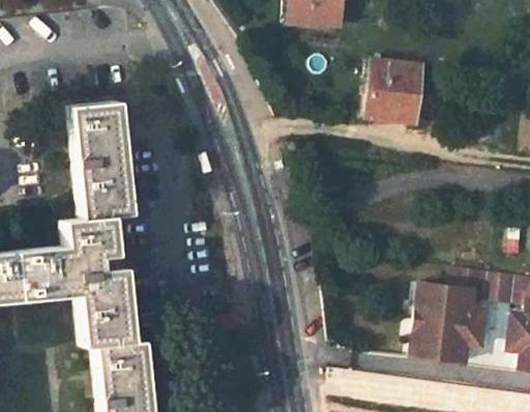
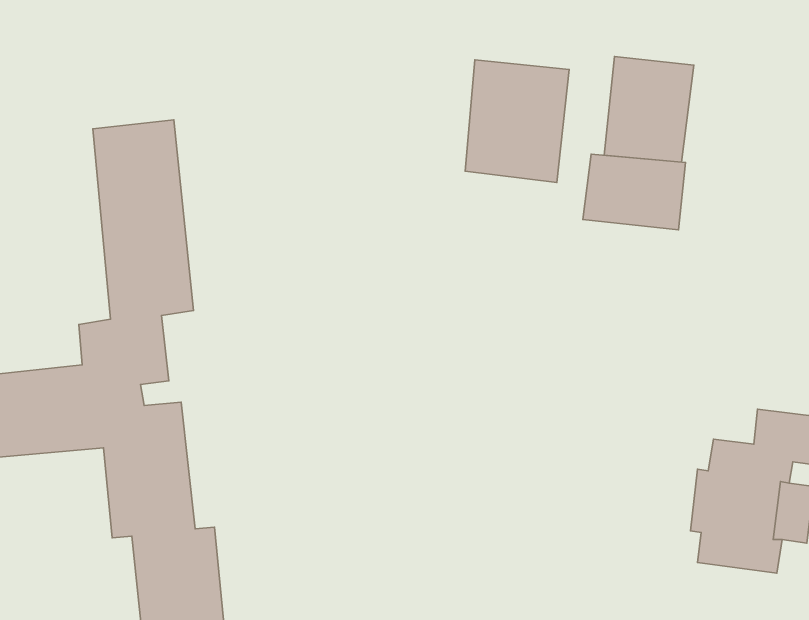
building: none -> [465,60,569,182]
building: none -> [583,154,685,230]

